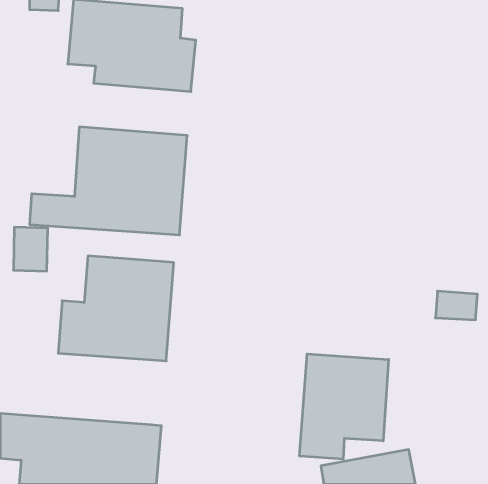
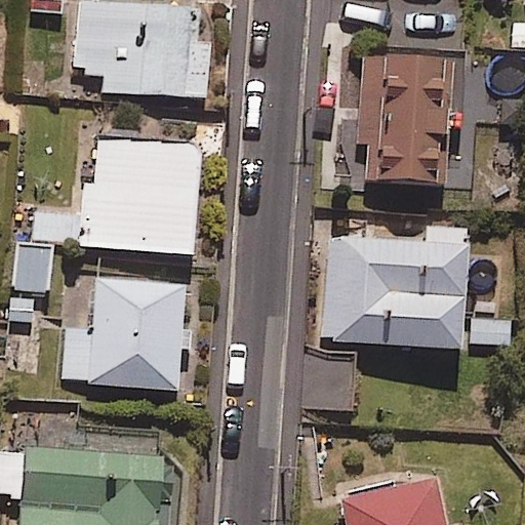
building: none -> [359,56,453,185]
building: none -> [321,214,470,350]
building: [300,354,389,459] -> none

